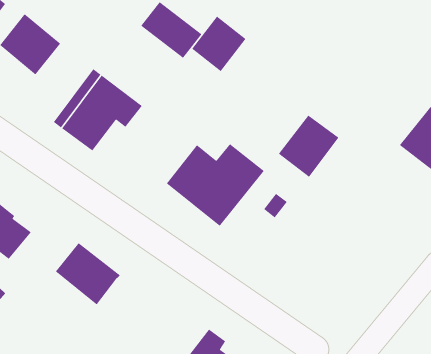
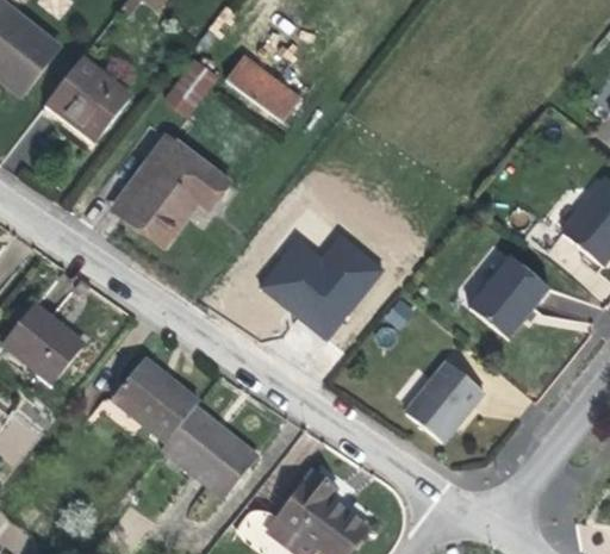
building: none -> [163,55,220,114]
building: [191,16,246,72] -> none
building: [278,115,339,178] -> [468,256,548,338]
building: none -> [405,362,484,442]
building: none -> [162,406,259,497]

